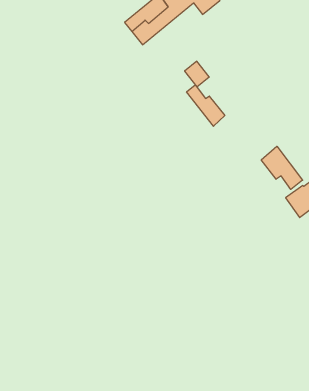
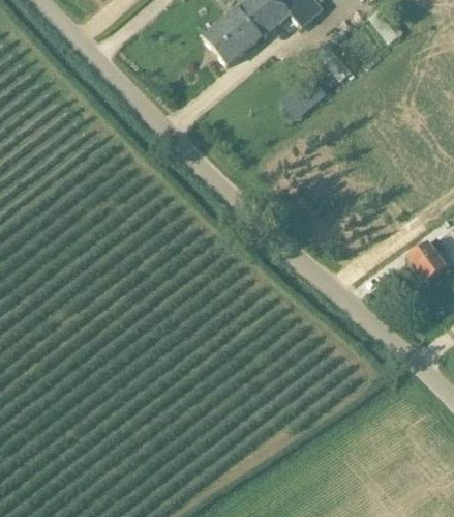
building: [187,85,225,126] -> none
building: [261,146,303,189] -> none

